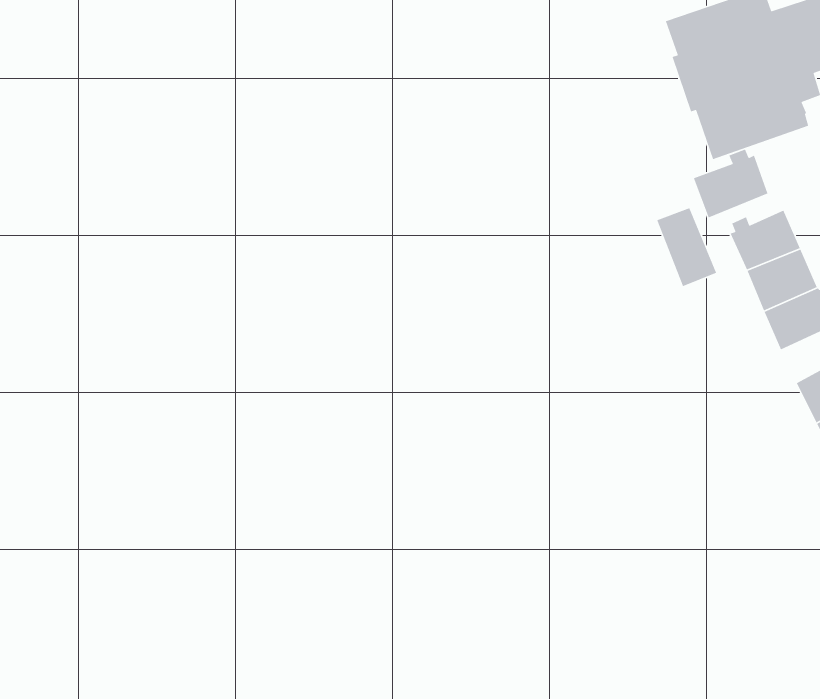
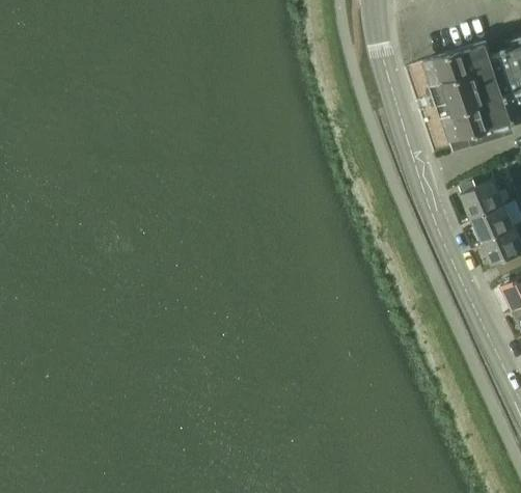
building: [693,149,768,218] -> none
building: [656,207,717,287] -> none

